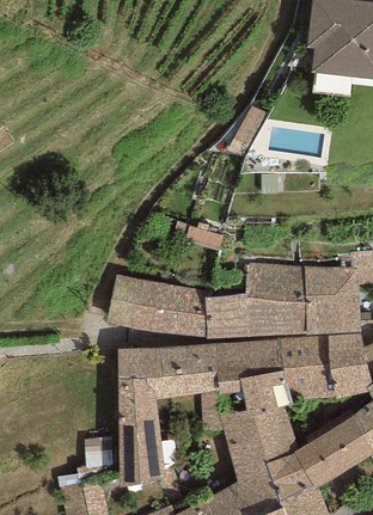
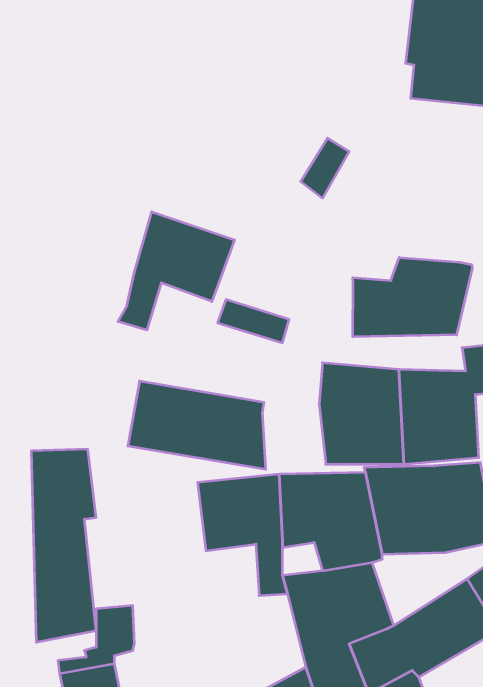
building: none -> [118,212,235,330]
building: none -> [353,257,472,337]
building: [204,292,250,338] -> none
building: [117,348,164,486] -> [31,449,96,642]

